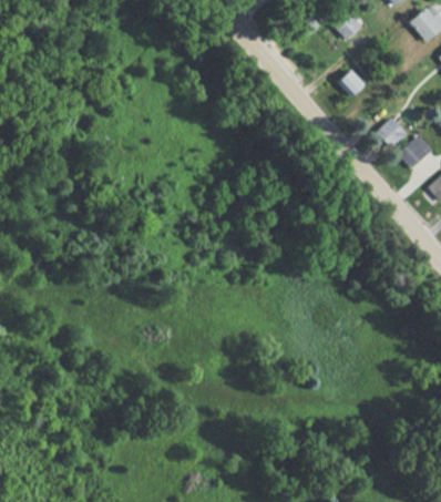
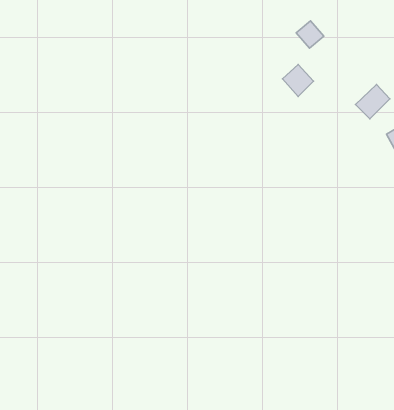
building: [376,116,407,148] -> [283,65,313,97]

